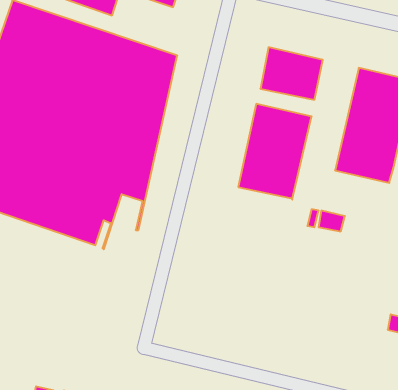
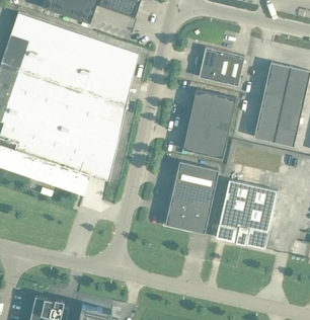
building: none -> [165,161,219,233]
building: none -> [219,180,278,249]

